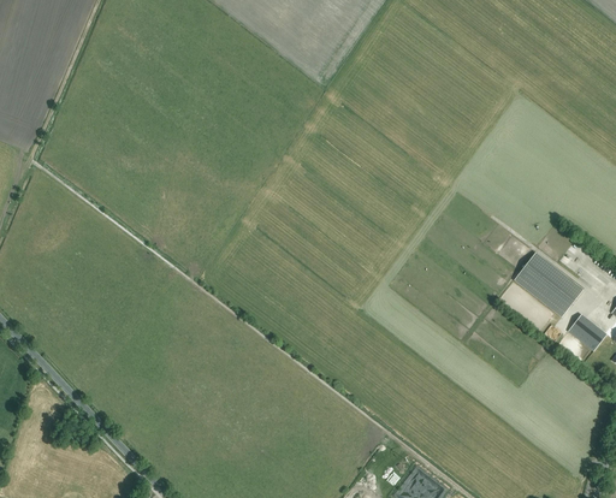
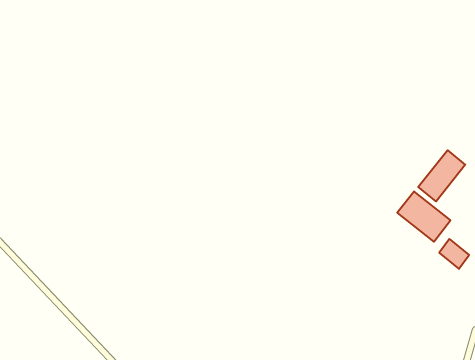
building: none -> [418,150,465,201]

